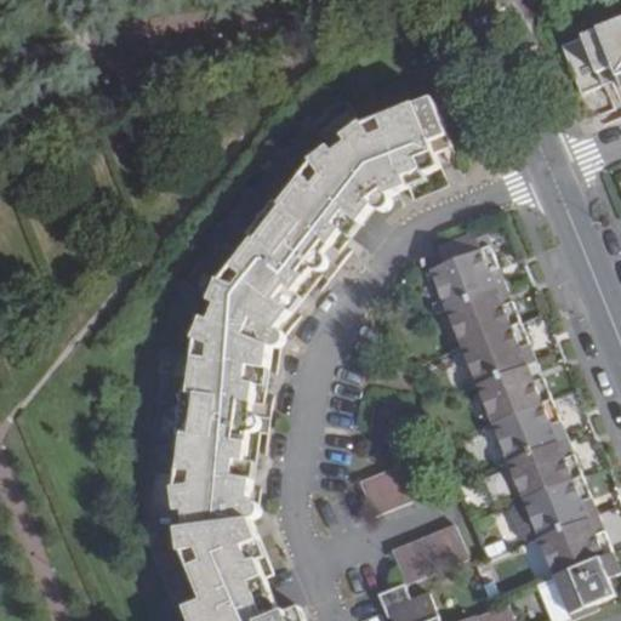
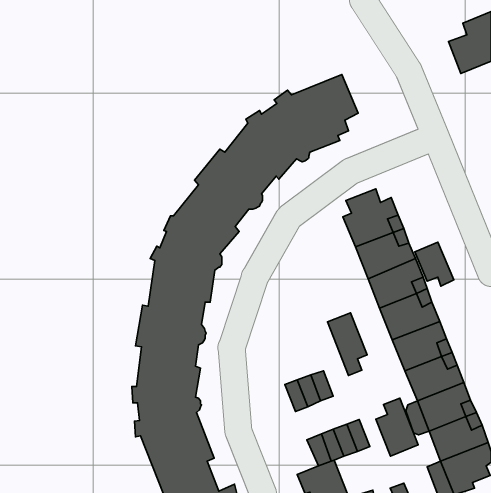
building: none -> [415,242,454,286]
building: none -> [328,313,367,375]
building: none -> [376,398,418,456]

